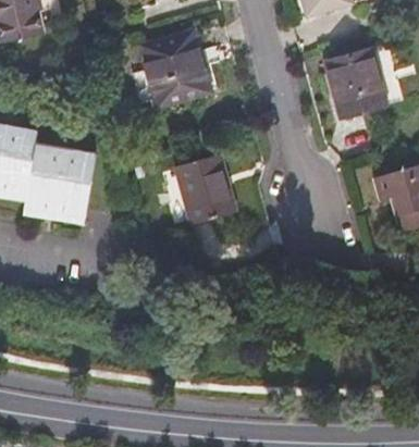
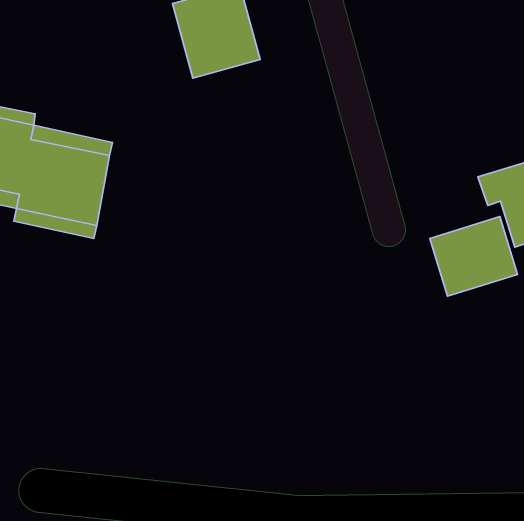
building: [326,50,387,116] -> none
building: [174,156,232,224] -> none
building: none -> [430,217,518,296]

